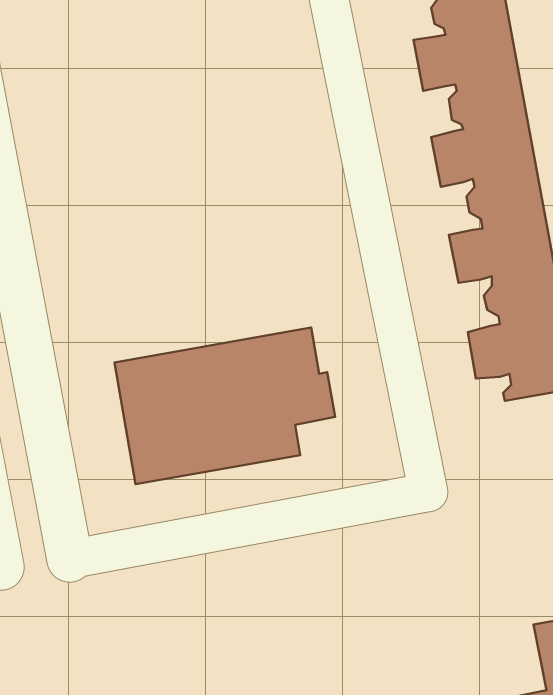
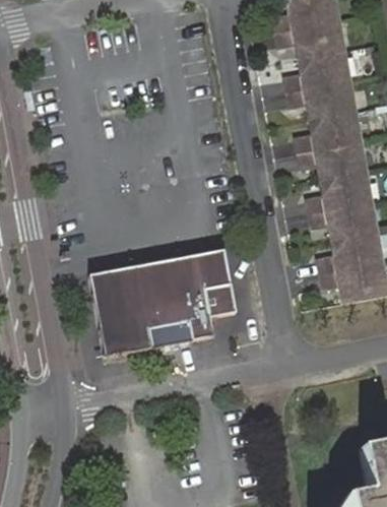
building: none -> [90,250,232,357]

